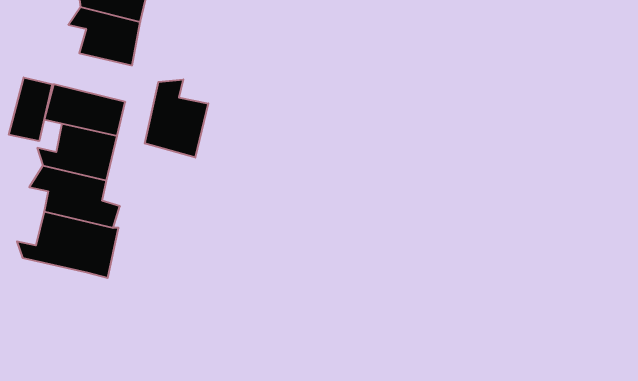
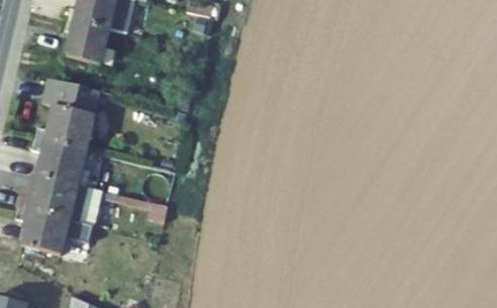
building: [9,77,52,141] -> none
building: [145,79,208,158] -> none
building: none -> [14,205,73,254]

